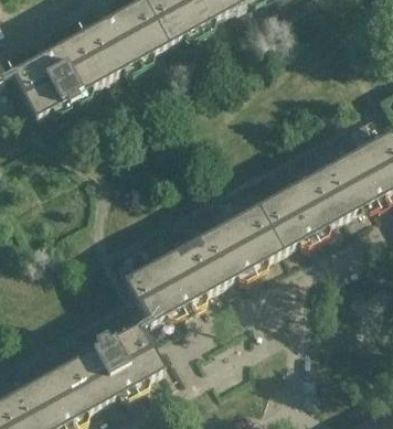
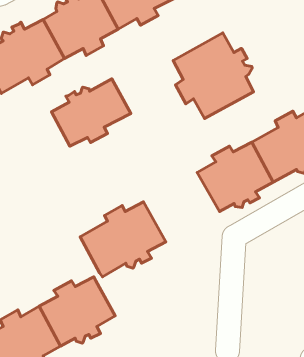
building: none -> [173,33,254,118]
building: none -> [52,79,131,146]
building: [195,205,282,283] -> none

